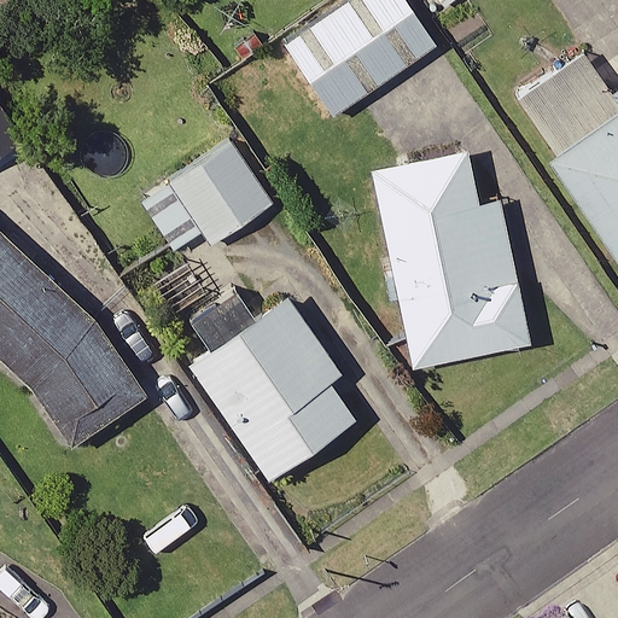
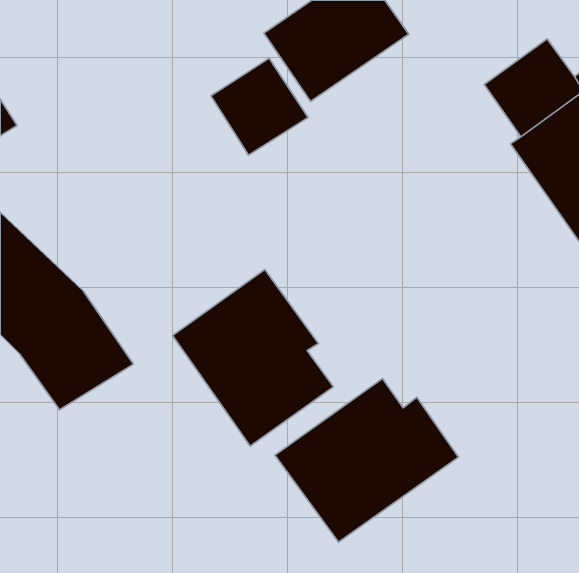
building: [170,145,273,247] -> [211,58,308,155]
building: [367,150,531,368] -> none
building: none -> [275,378,459,542]

